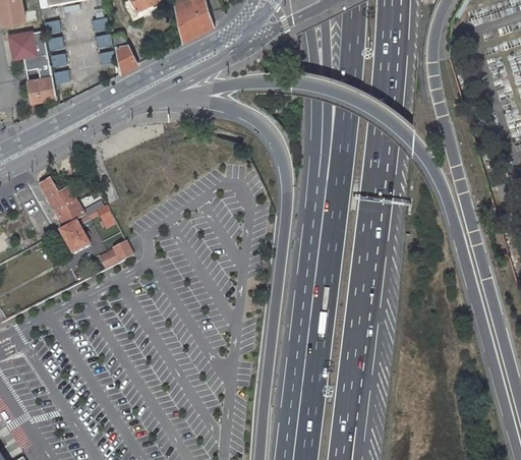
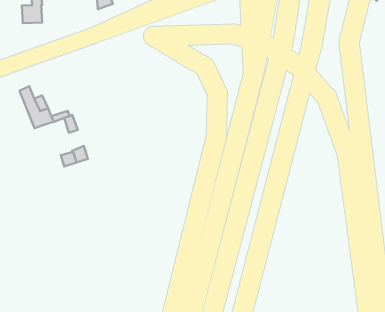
building: [59,222,90,254] -> none

